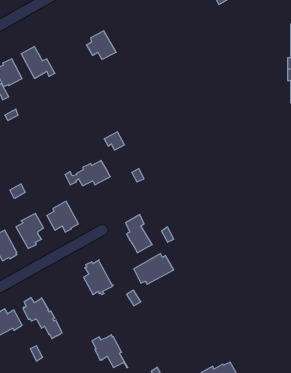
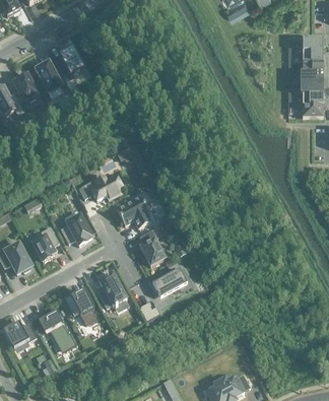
building: [86,31,116,59] -> [55,48,84,76]
building: none -> [117,196,151,228]
building: [92,335,128,368] -> [64,290,100,323]

